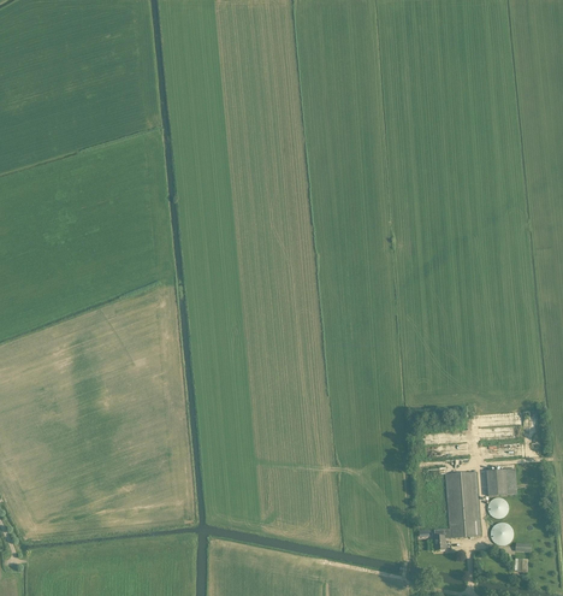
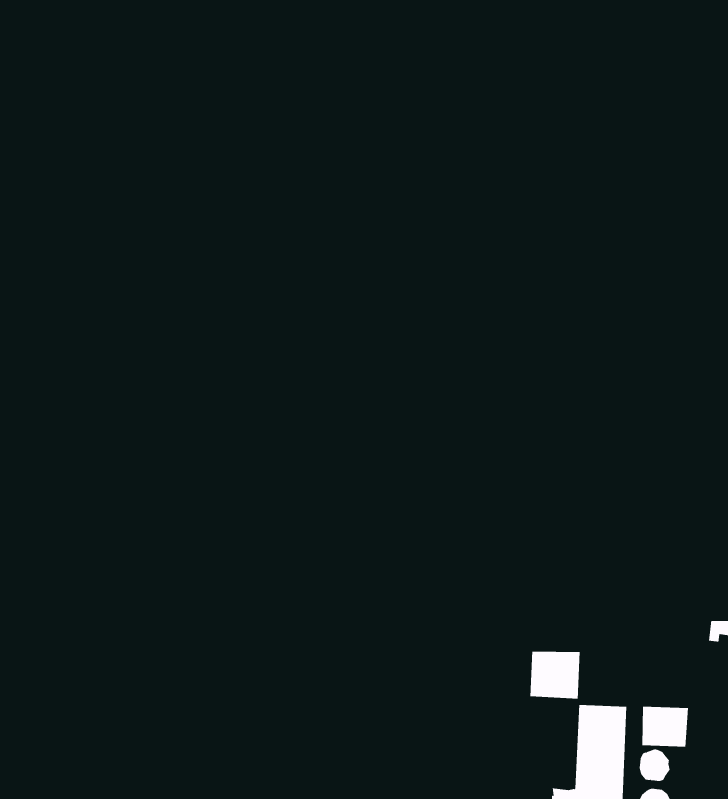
building: none -> [530,651,580,700]

